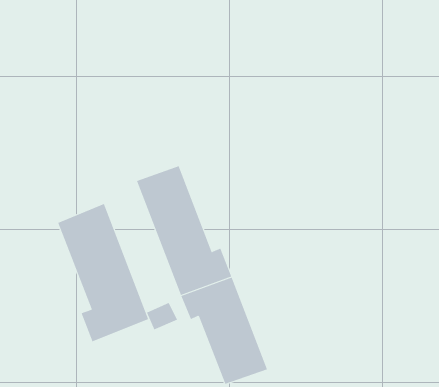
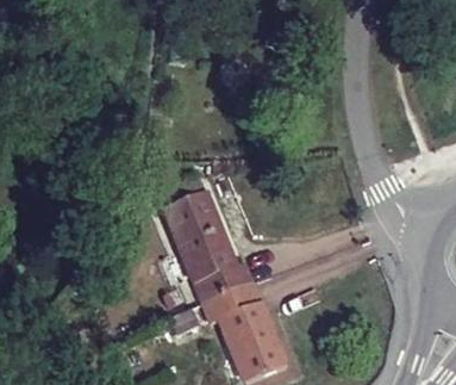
building: [58,203,149,342] -> none

